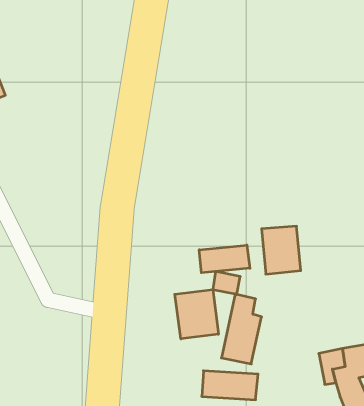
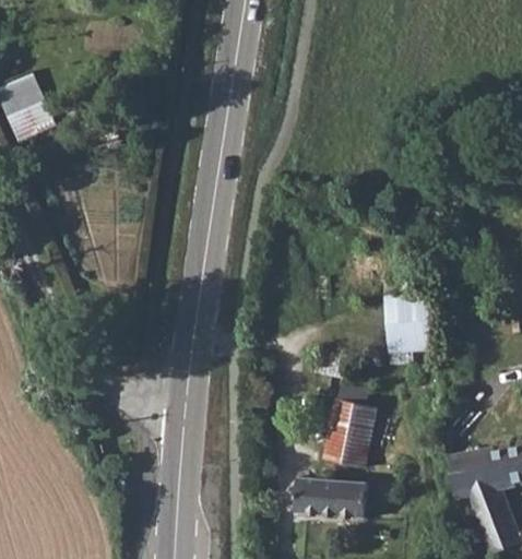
building: [199,245,250,273] -> none
building: [175,289,218,339] -> none

